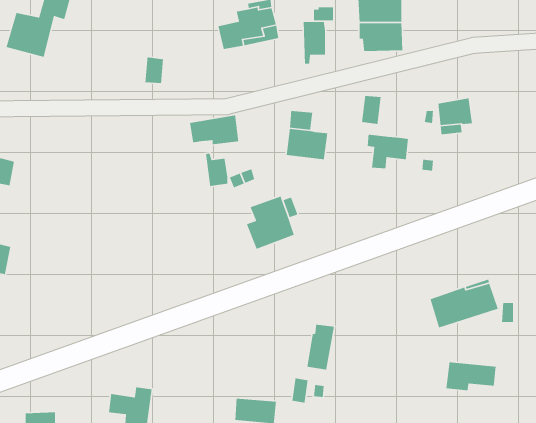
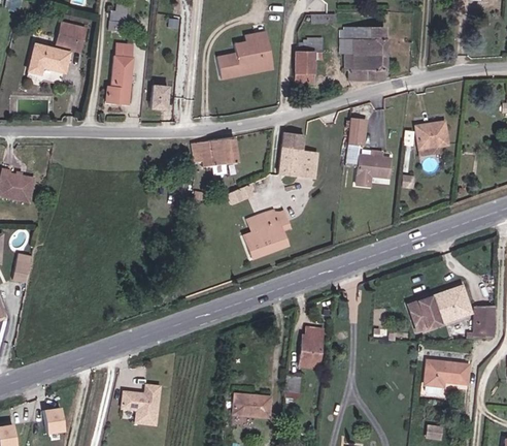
building: none -> [106,42,132,102]
building: [205,153,228,187] -> none
building: none -> [474,307,496,339]

